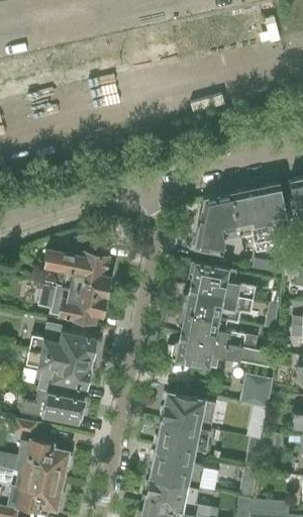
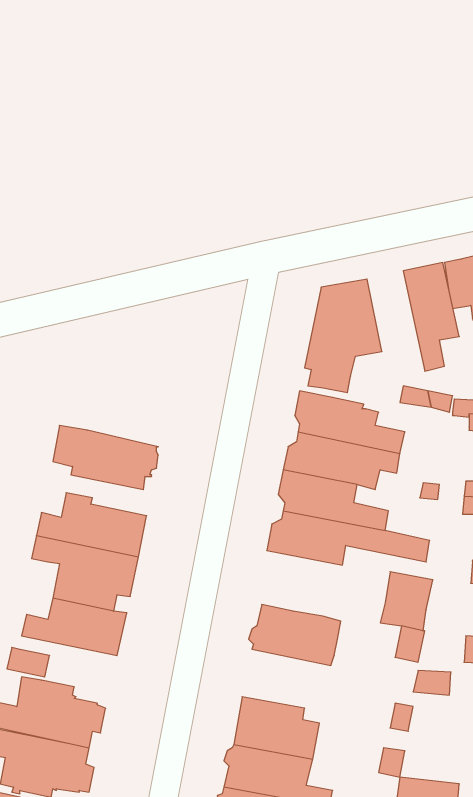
building: [233,188,269,251] -> none
building: [45,232,109,296] -> none
building: [157,420,211,456] -> none

